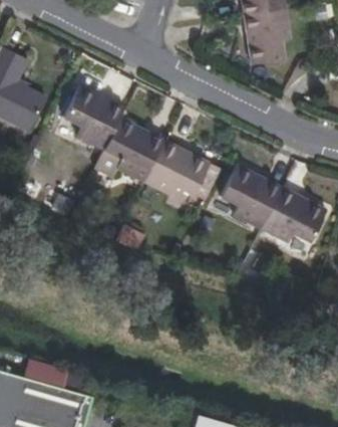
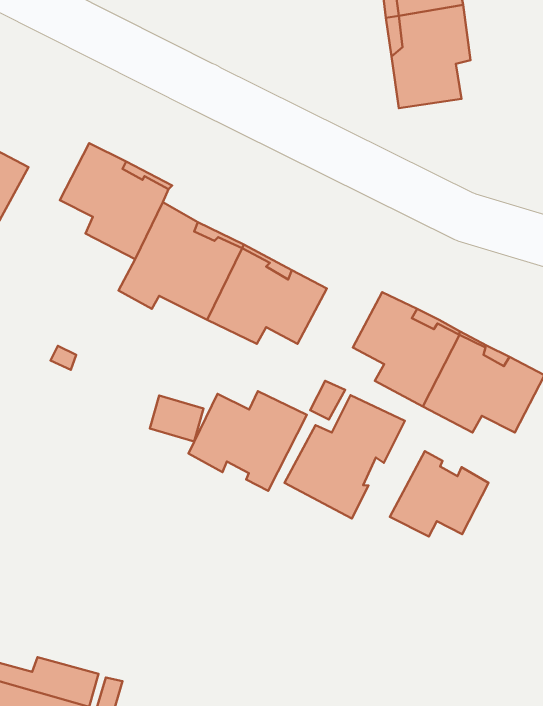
building: none -> [188,391,307,491]
building: none -> [284,395,405,519]
building: none -> [390,451,489,537]

